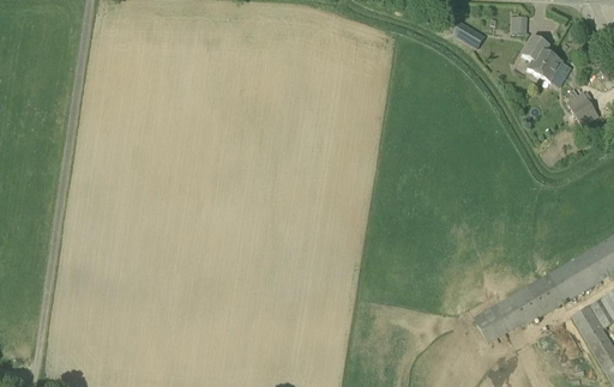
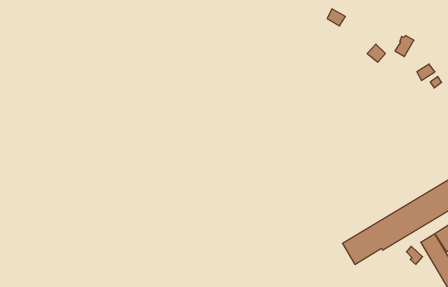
building: [523,35,553,74] -> none

